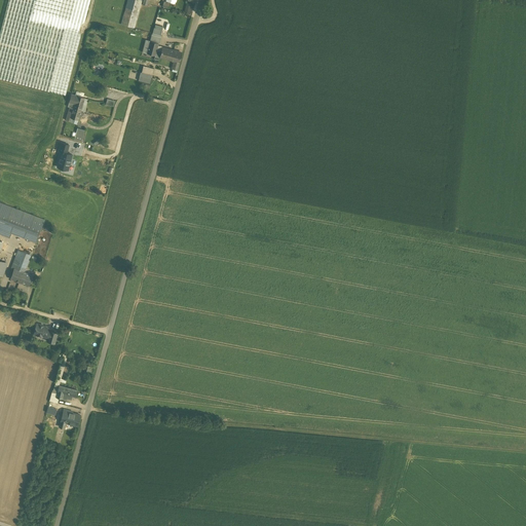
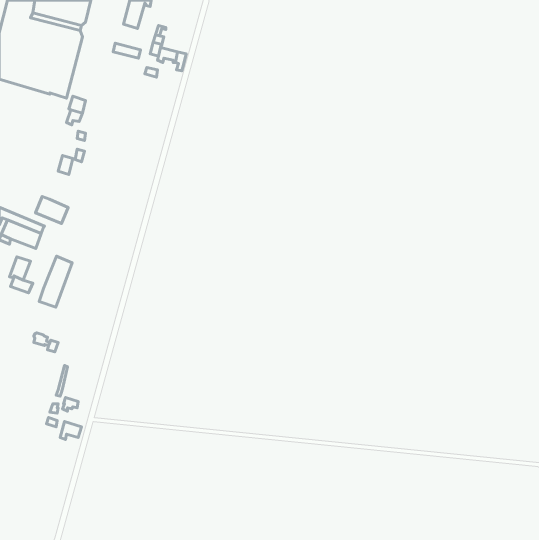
building: none -> [36,197,68,223]
building: none -> [39,256,72,307]

